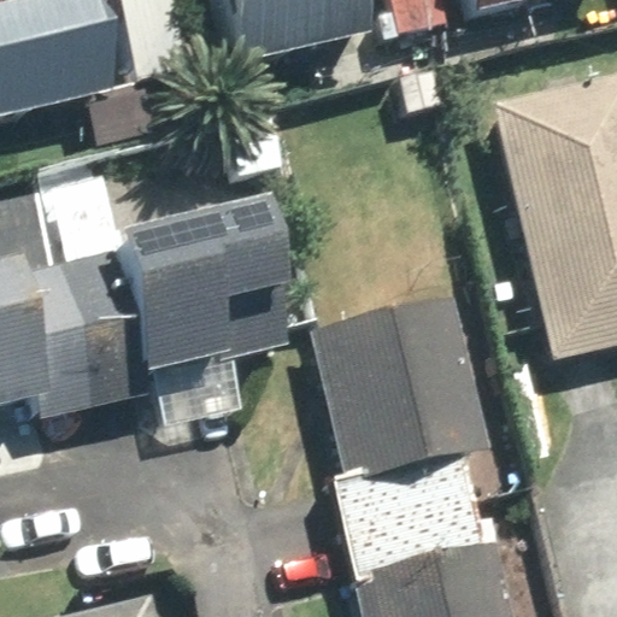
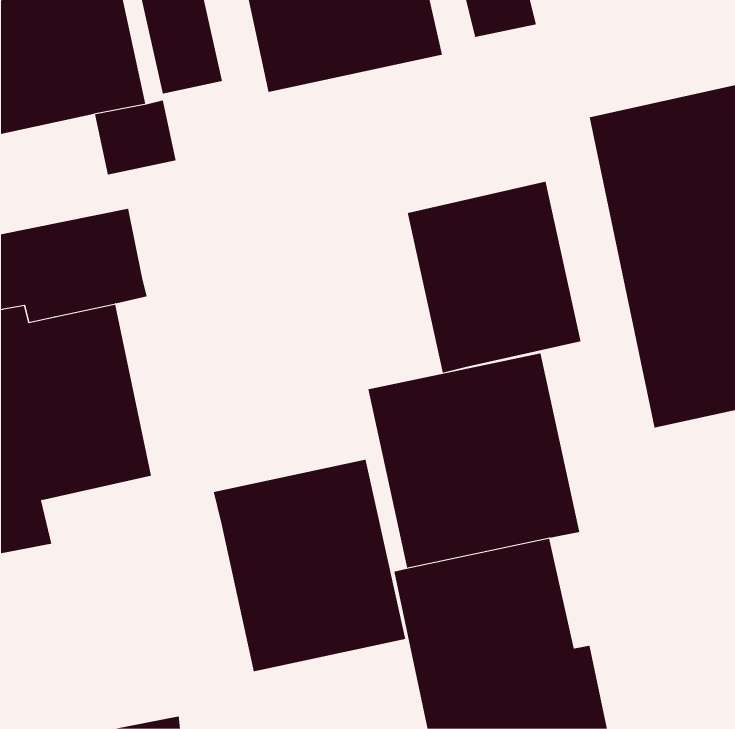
building: none -> [407,181,581,373]
building: [123,200,292,369] -> none
building: none -> [213,459,406,672]

